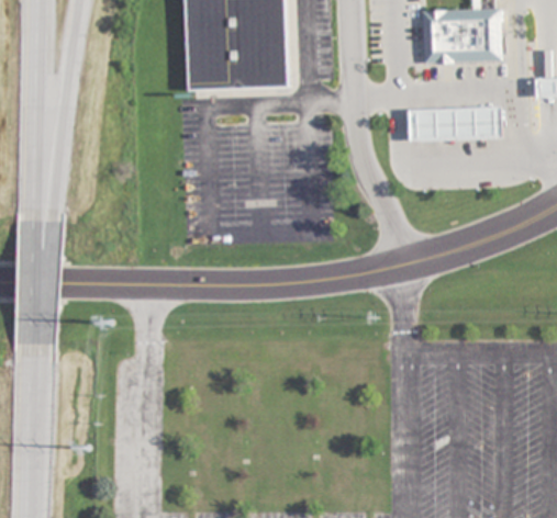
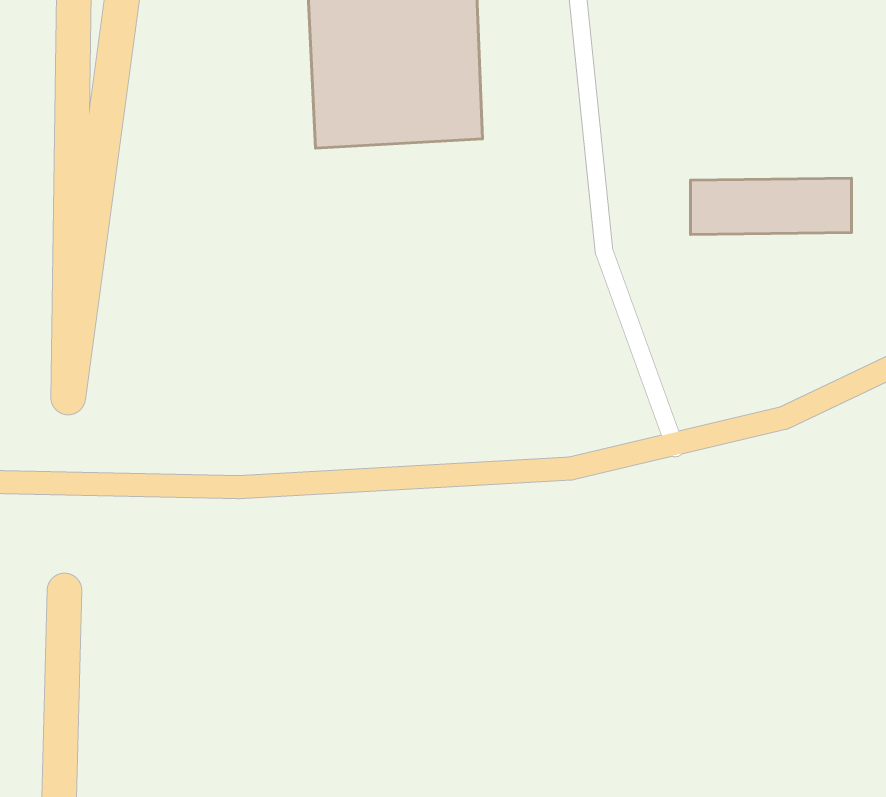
building: [420,13,500,65] -> none

